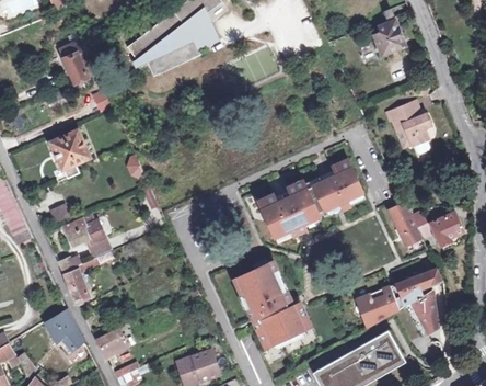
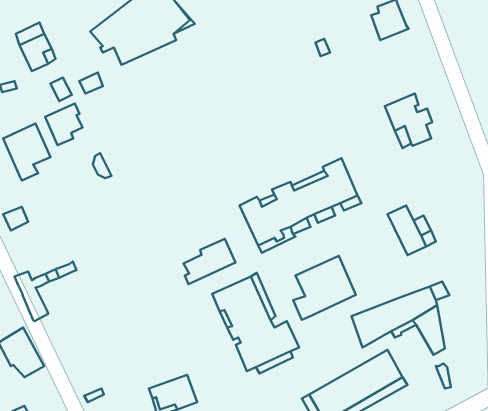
building: none -> [45,103,83,145]
building: [429,212,464,246] -> none
building: [65,218,103,246] -> none
building: none -> [184,239,235,284]
building: none -> [293,256,356,320]
building: [96,327,127,355] -> none

